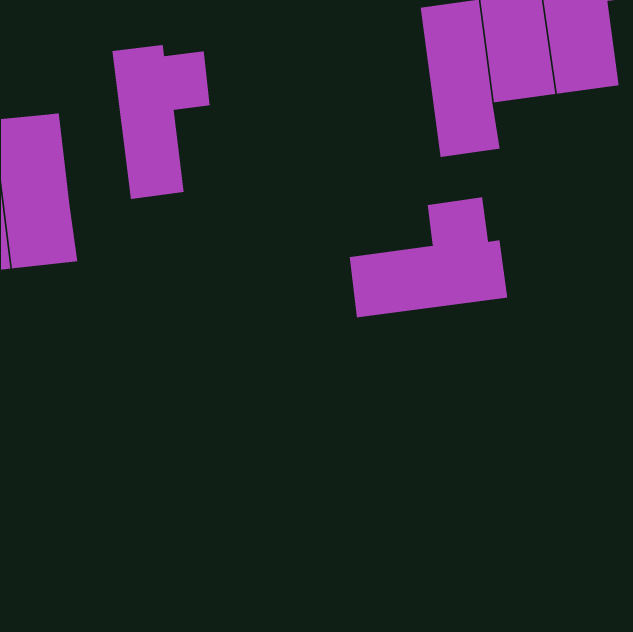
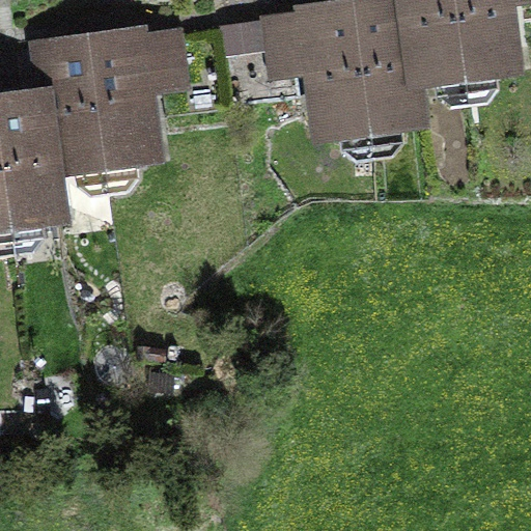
building: none -> [273,6,368,138]
building: none -> [34,43,109,173]
building: [349,197,508,318] -> none

